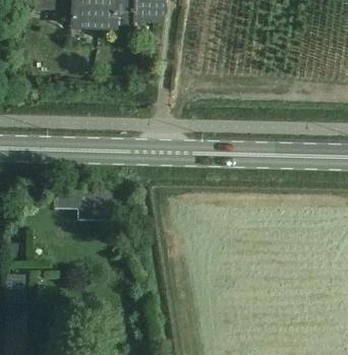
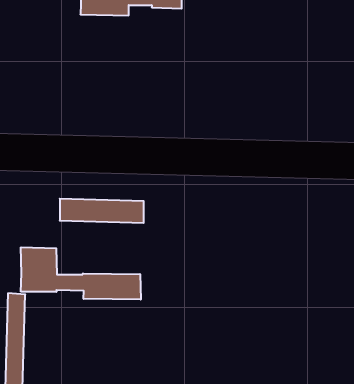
building: none -> [21,247,141,300]

